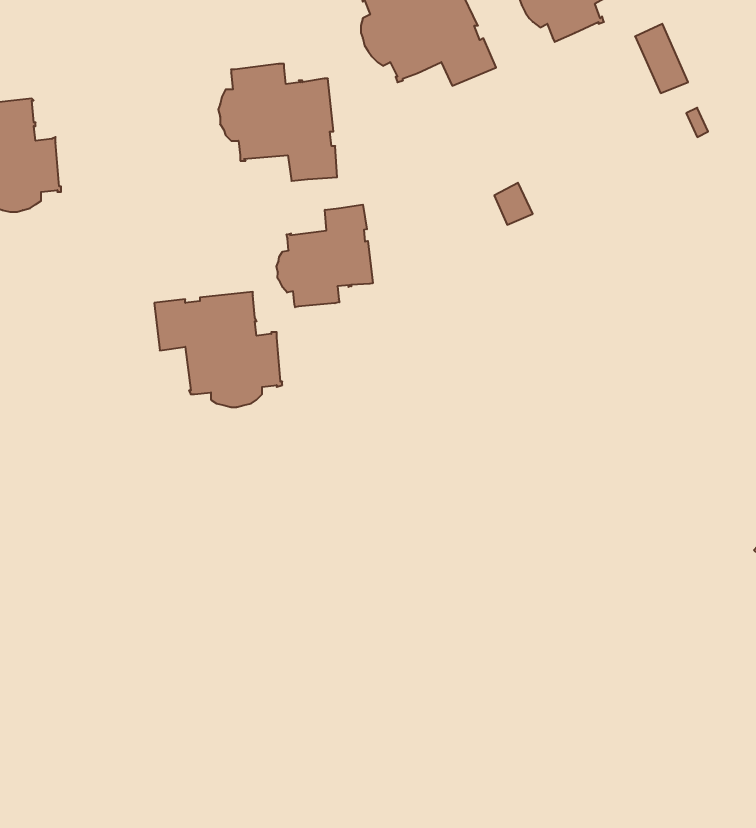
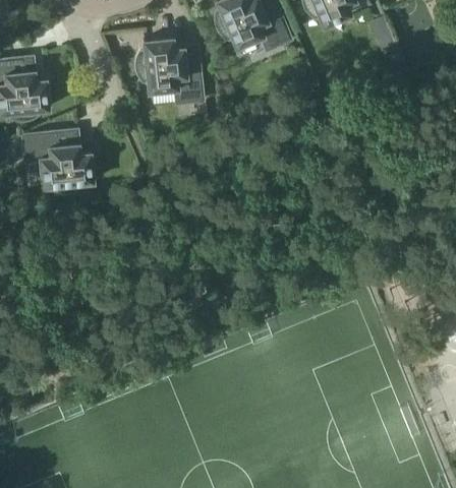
building: [277,205,373,307] -> none
building: [154,292,282,407] -> [23,129,95,193]

